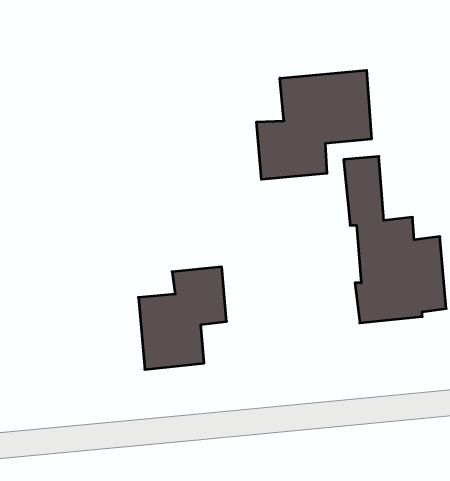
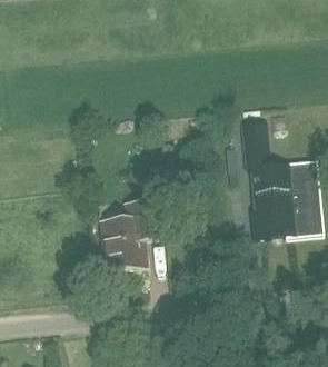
building: [257,70,371,179] -> none

